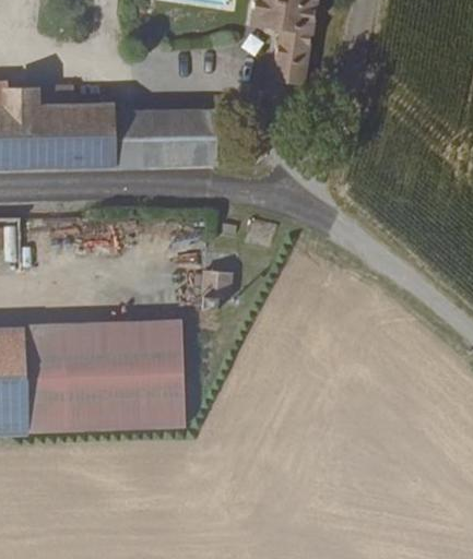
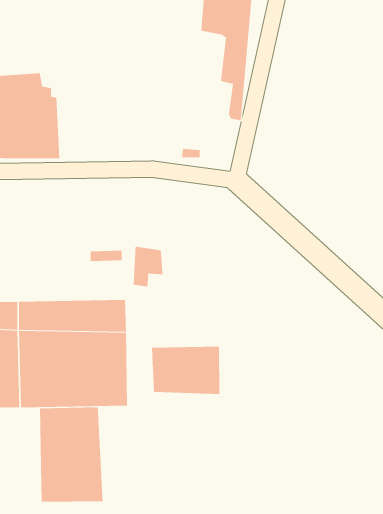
building: [105,105,226,171] -> none
building: none -> [151,346,220,395]
building: none -> [40,407,103,502]

